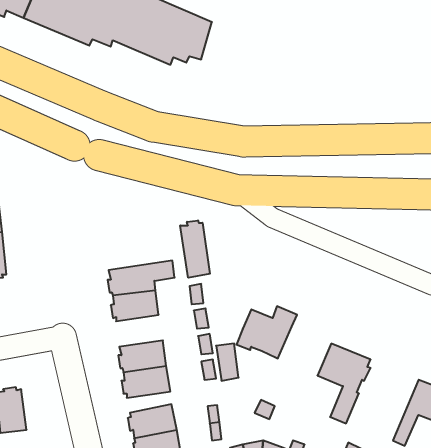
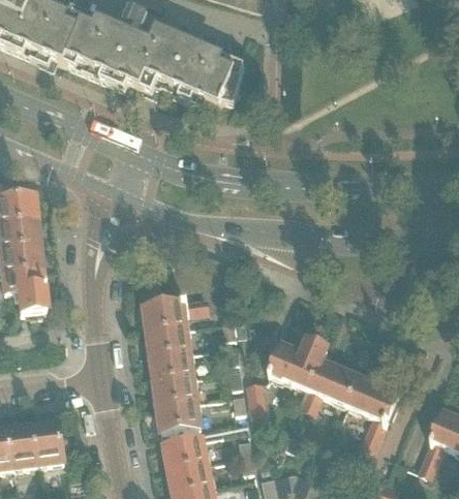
building: [180,220,210,278] -> none
building: none -> [150,347,196,378]
building: none -> [302,358,360,411]

